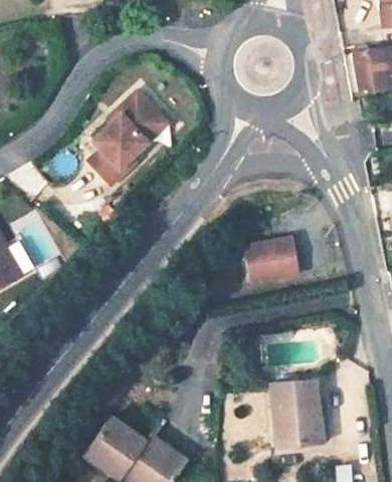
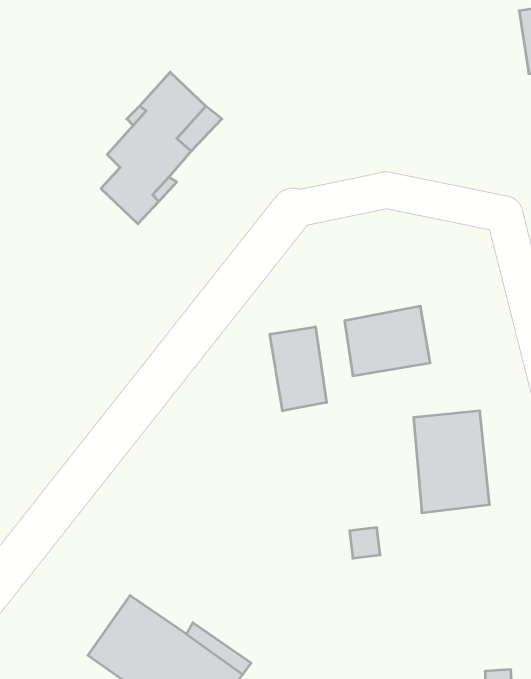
building: none -> [270,327,327,411]
building: [271,381,319,444] -> [414,411,490,513]

